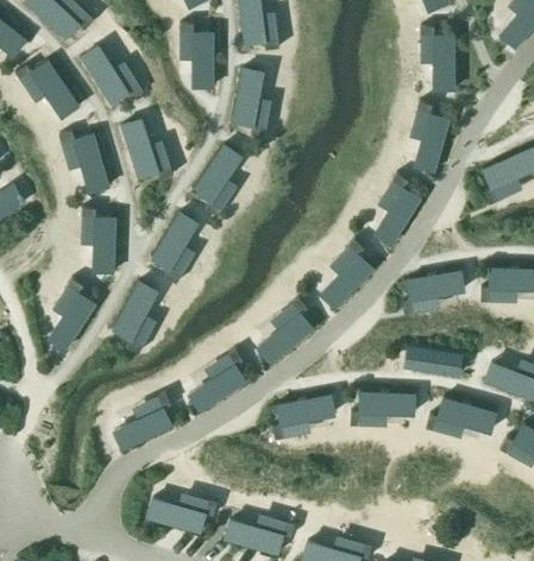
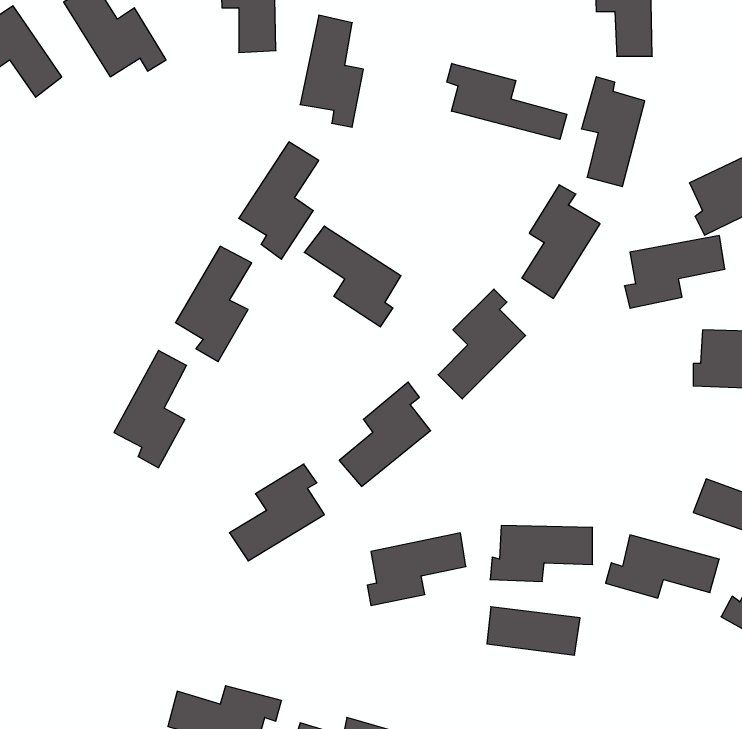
building: none -> [447,63,567,139]
building: [120,118,172,179] -> none
building: [58,132,111,194] -> none
building: none -> [304,226,401,327]
building: [81,209,117,275] -> none
building: [402,270,466,316] -> [624,236,725,308]
building: [48,280,98,352] -> none
building: [404,346,464,377] -> [487,607,580,655]
building: [111,393,172,450] -> none

